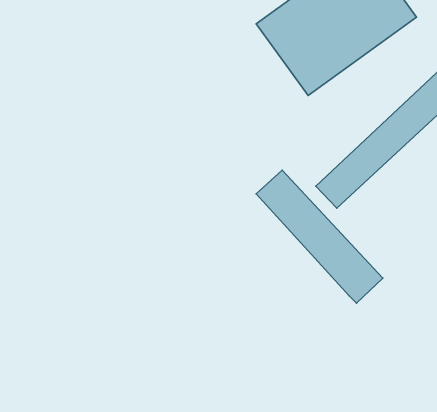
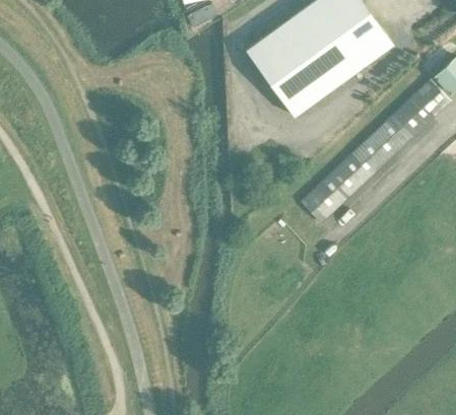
building: [256,170,383,303] -> none

